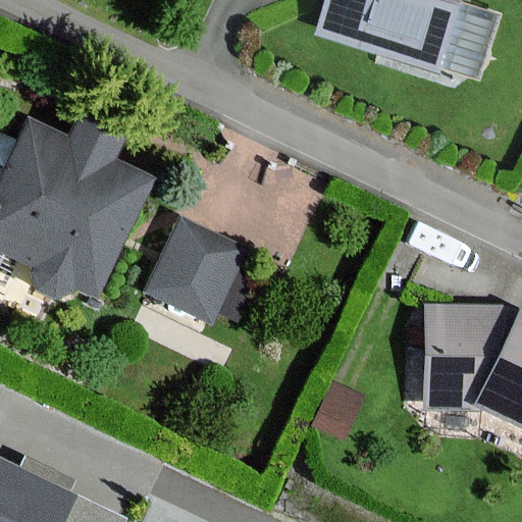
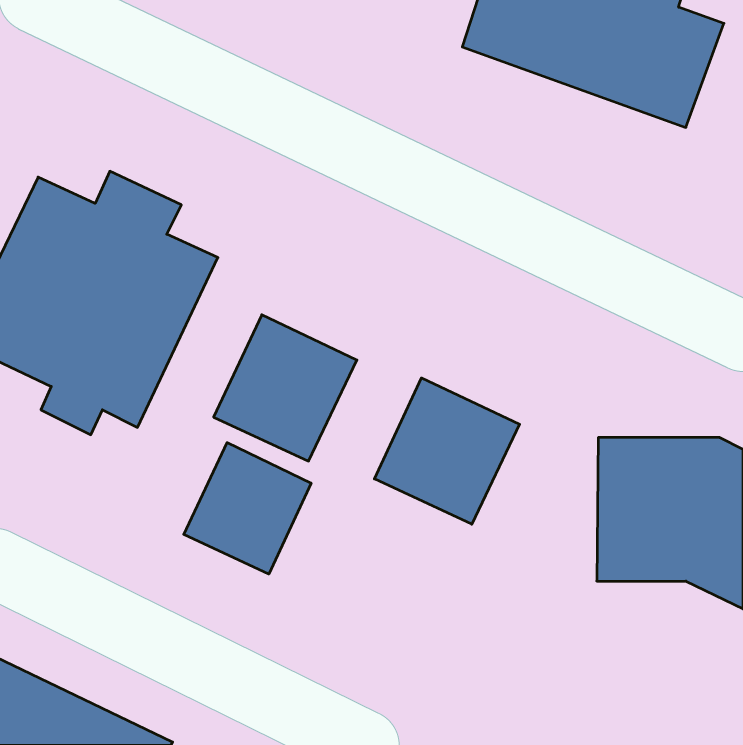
building: none -> [374,378,520,524]
building: none -> [184,443,311,574]

